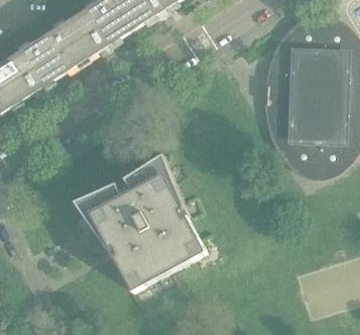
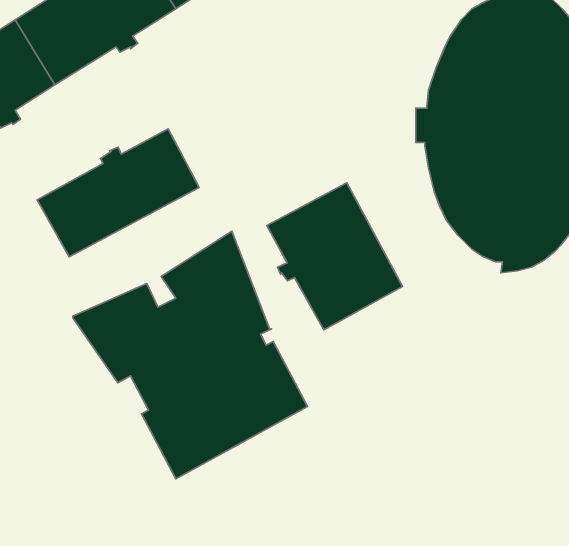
building: none -> [37,129,199,257]
building: none -> [267,183,402,330]

